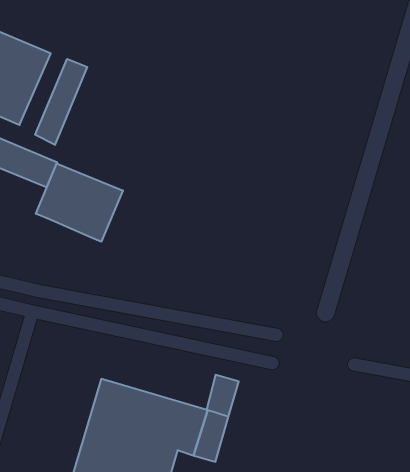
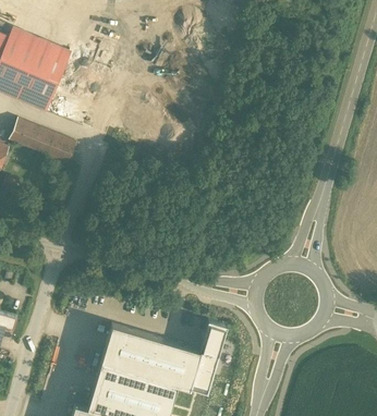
building: [35,59,87,145] -> none
building: [36,163,123,242] -> none

